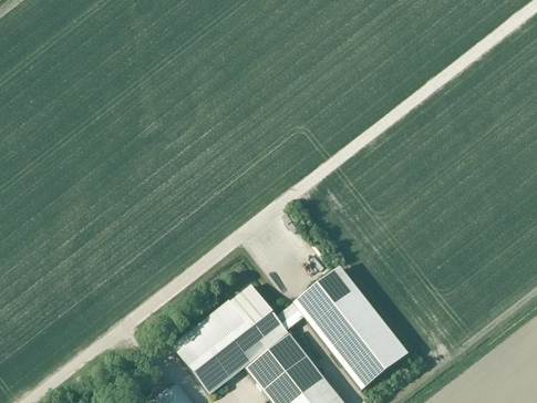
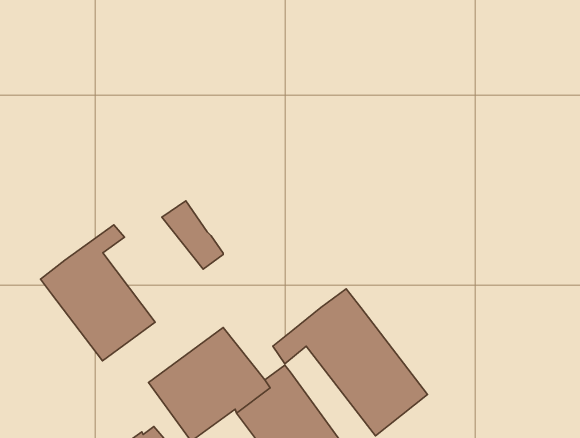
building: none -> [41,225,155,361]
building: [236,286,287,342] -> [162,201,223,269]

